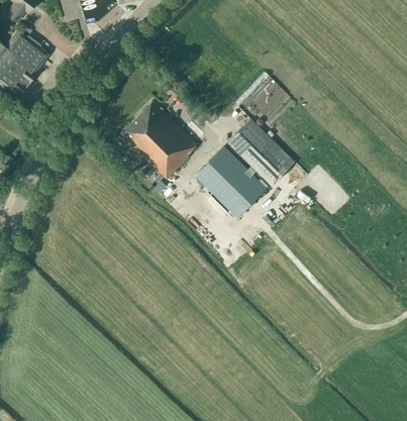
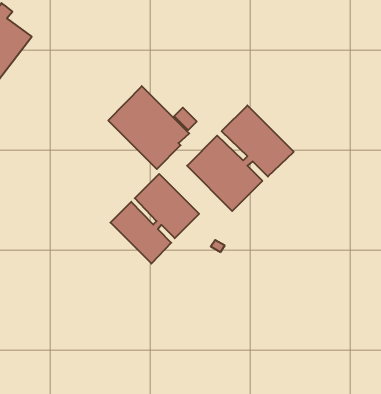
building: none -> [110,174,199,264]

